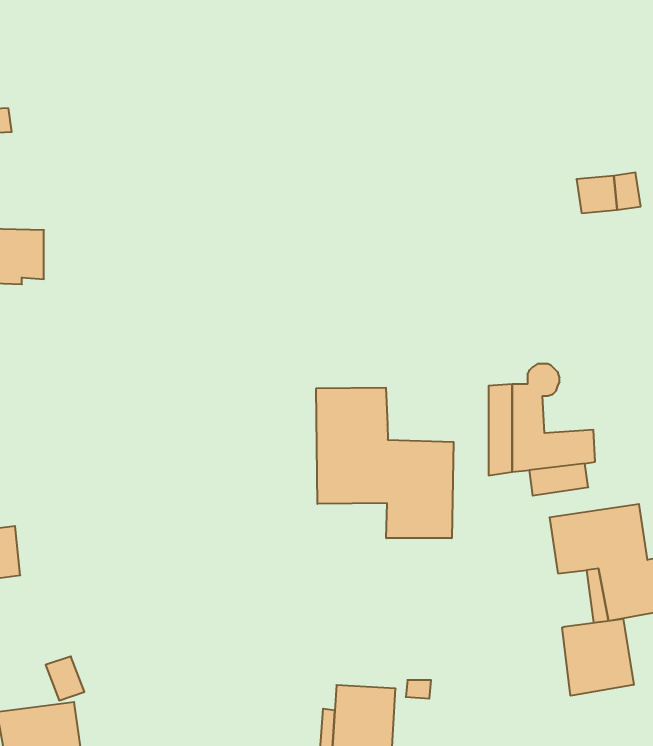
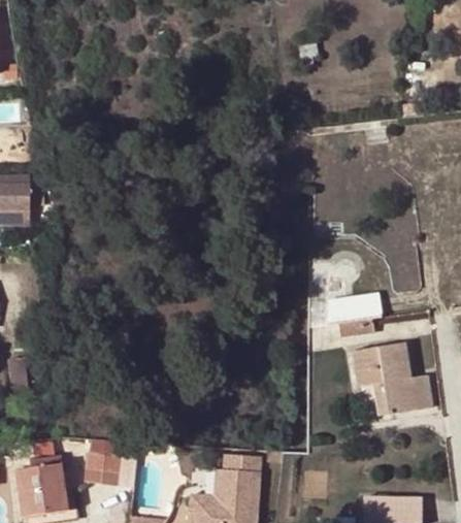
building: [316,388,454,538] -> none
building: [562,619,634,696] -> none
building: none -> [85,453,120,485]

